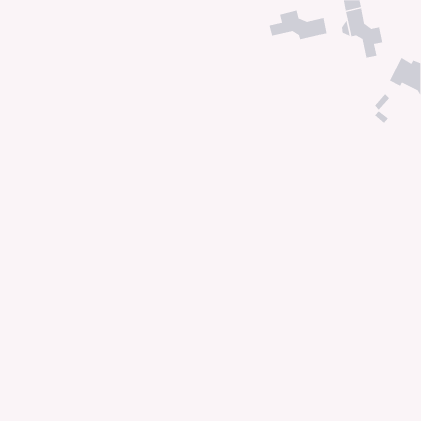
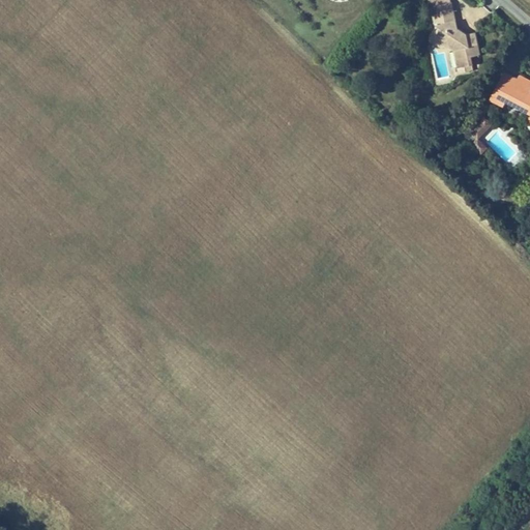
building: [269,10,328,40] -> none

